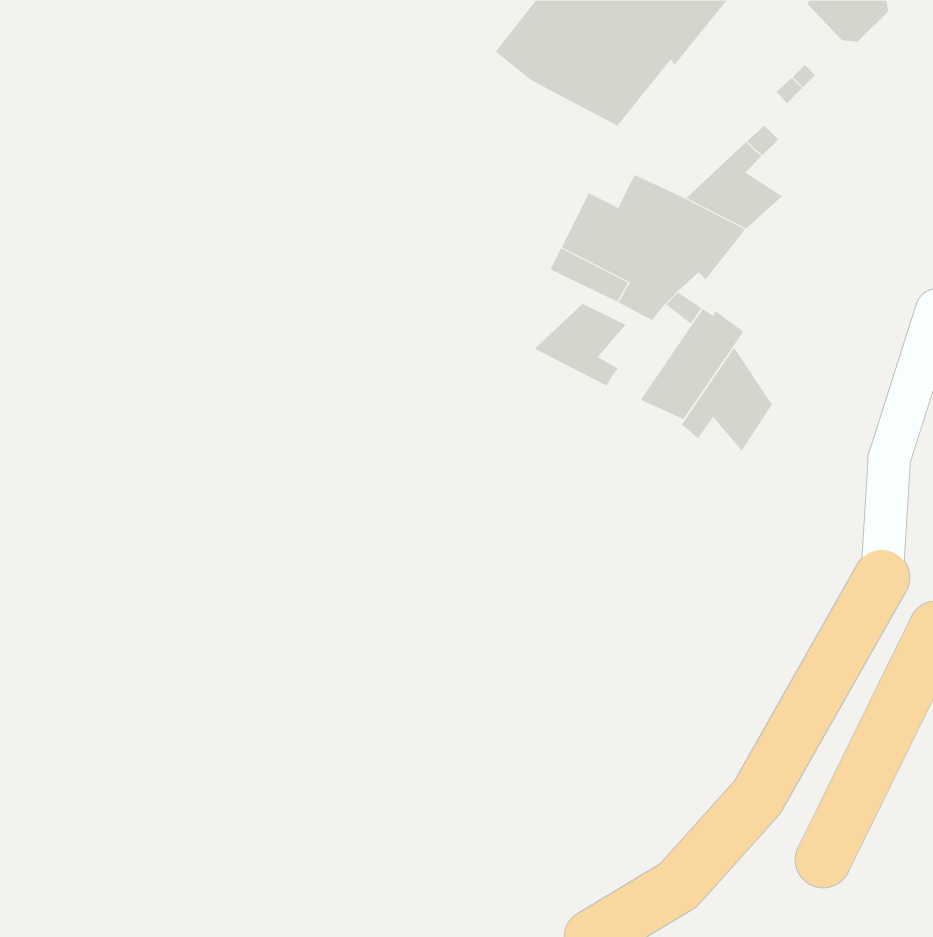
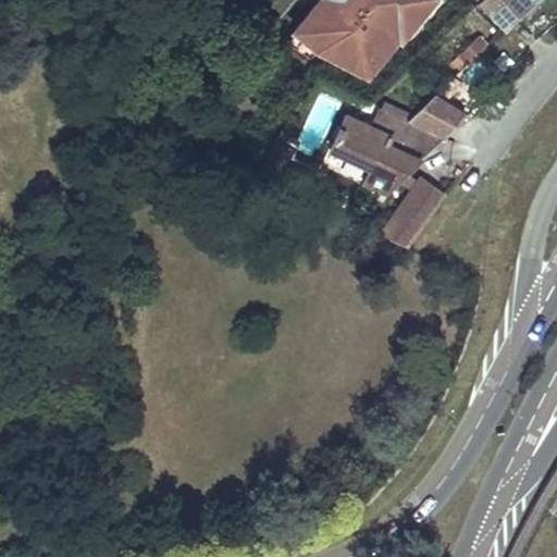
building: [534,303,627,386] -> none
building: [681,347,773,451] -> none

